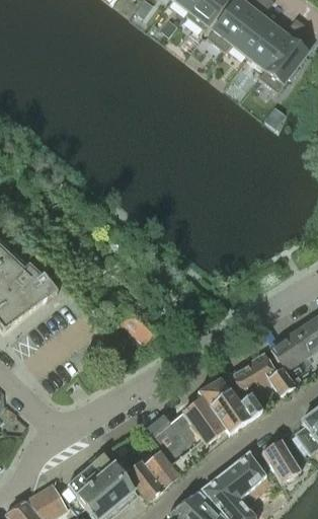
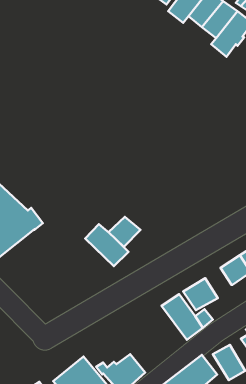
building: none -> [109,217,140,247]
building: [252,351,296,393] -> none
building: [148,397,225,462] -> none

